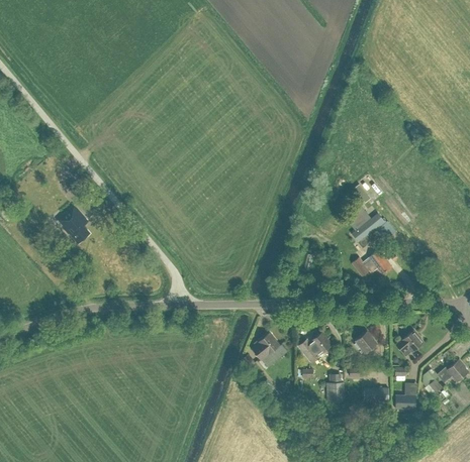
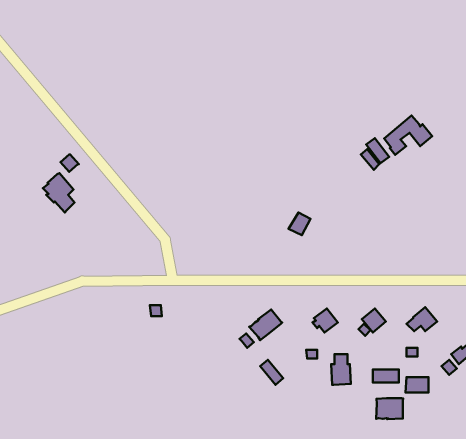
building: [352,213,396,249] -> [384,115,432,155]
building: [352,250,392,276] -> none
building: none -> [376,398,403,419]

